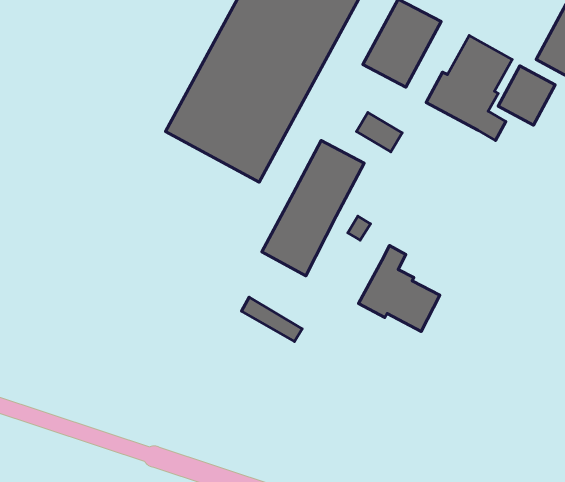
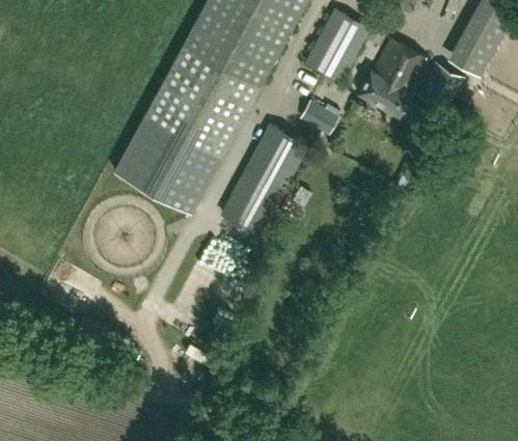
building: none -> [113,118,220,215]
building: [359,245,440,331] -> none

